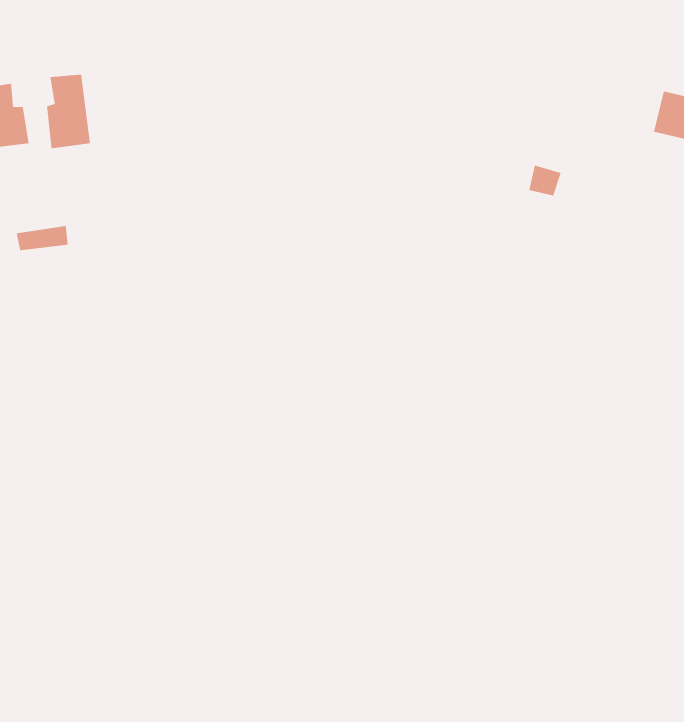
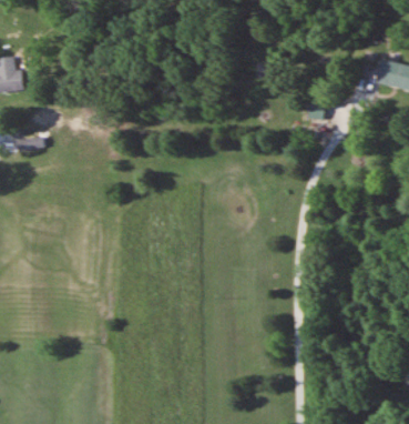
building: [46,74,90,149] -> none

